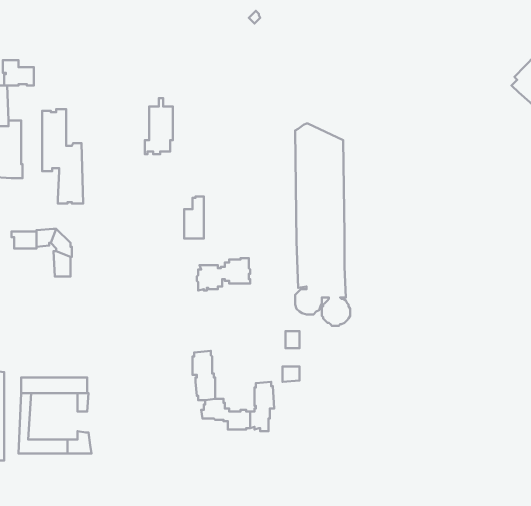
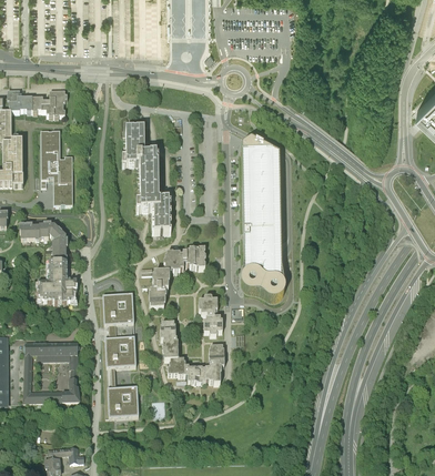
building: none -> [34,90,70,114]
building: none -> [135,152,162,210]
building: none -> [36,269,72,302]
building: none -> [149,271,169,306]
building: none -> [102,292,139,416]
building: none -> [199,296,222,334]

